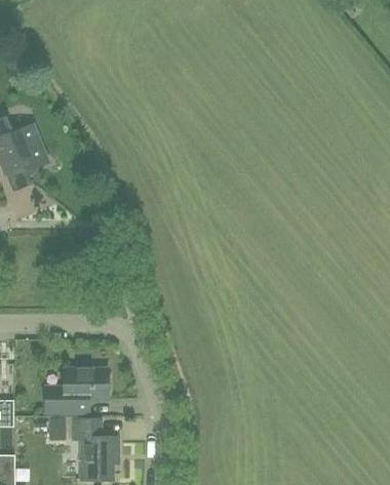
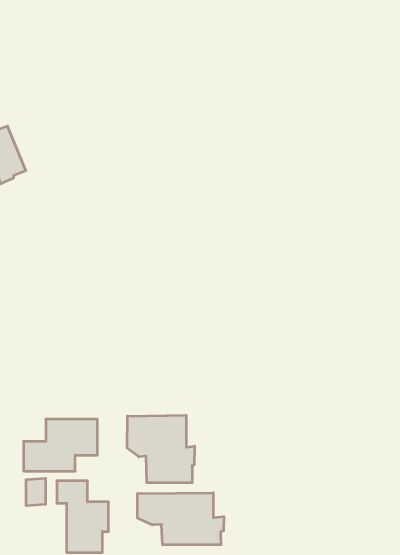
building: none -> [127,415,195,483]
building: none -> [137,493,224,545]

